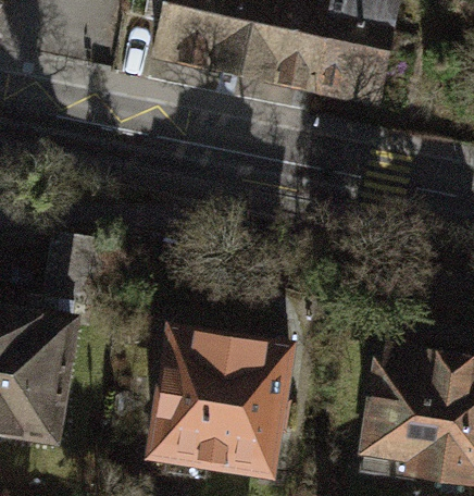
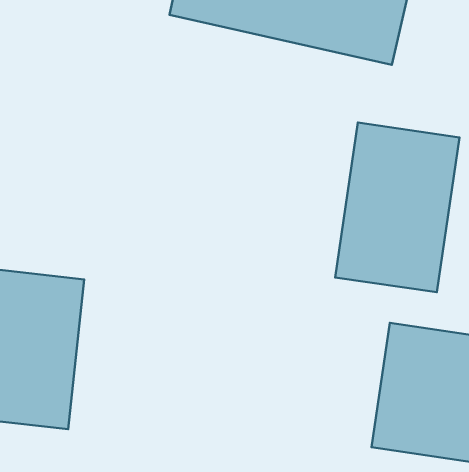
building: none -> [335,123,460,292]
building: [150,321,276,458] -> none

